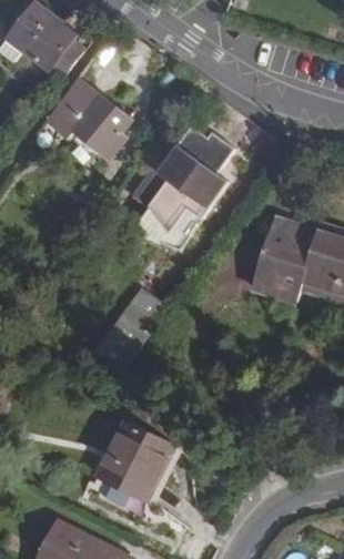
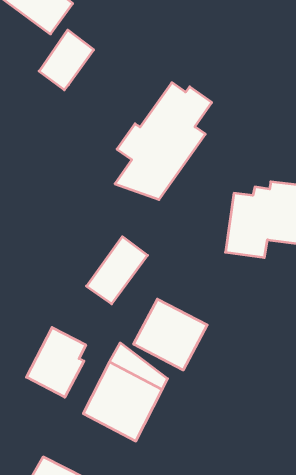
building: [81,94,145,159] -> none
building: none -> [134,299,207,370]
building: none -> [26,327,86,397]

